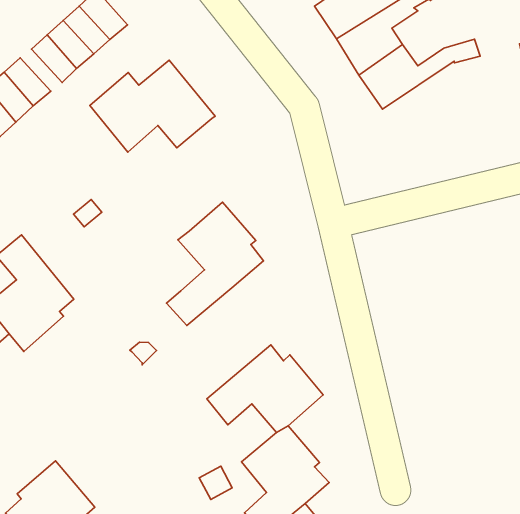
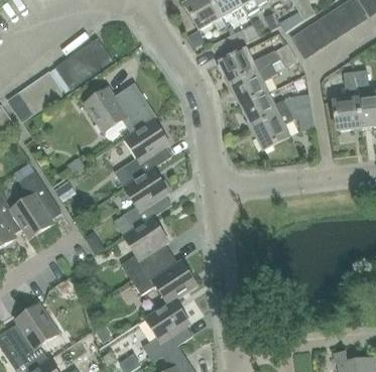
building: none -> [250,103,314,148]
building: none -> [121,119,171,181]
building: none -> [120,217,169,278]

